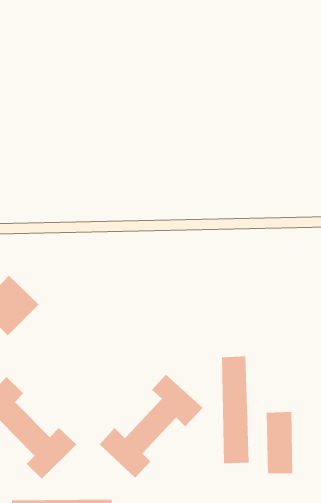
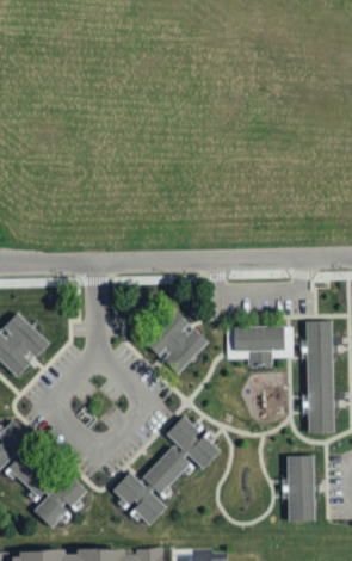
building: none -> [143,309,208,374]
building: none -> [233,326,284,359]
building: [221,356,249,464] -> [304,320,334,433]

